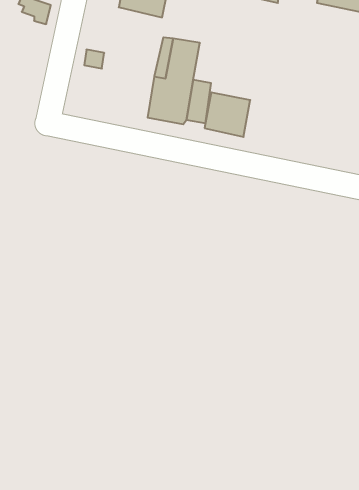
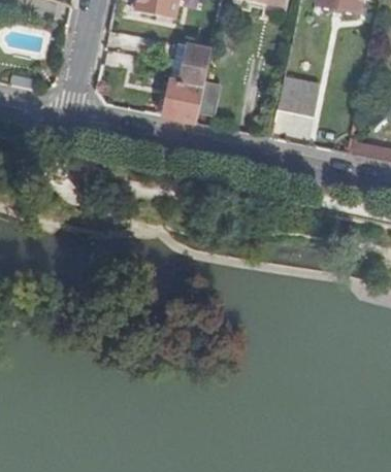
building: [205,92,250,137] -> [278,76,320,117]

